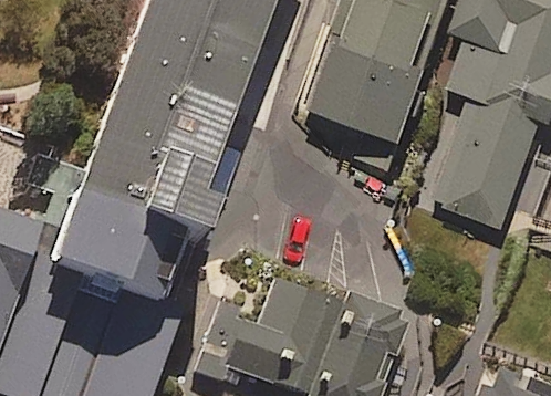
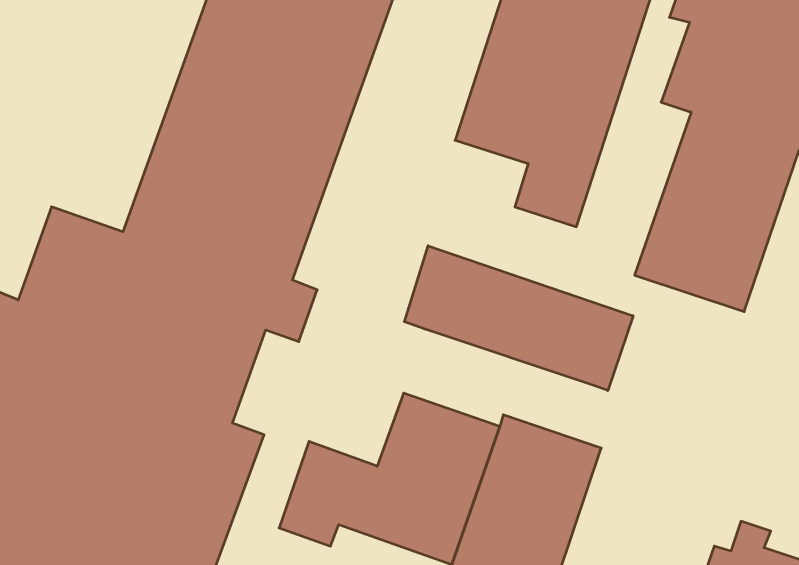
building: none -> [404,246,633,391]

